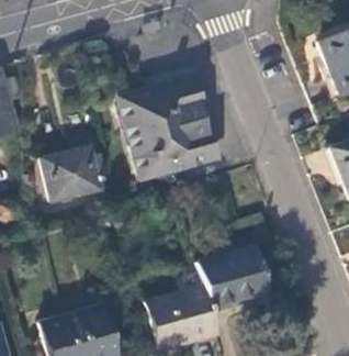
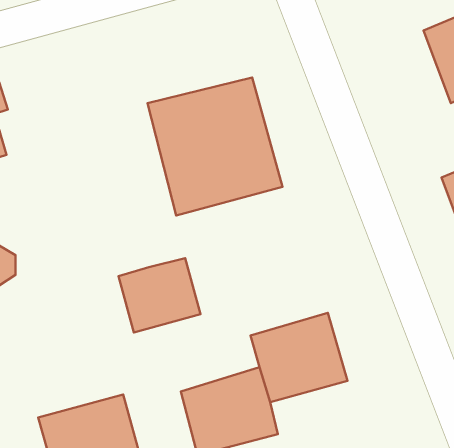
building: [38,146,98,200] -> [119,258,200,332]

